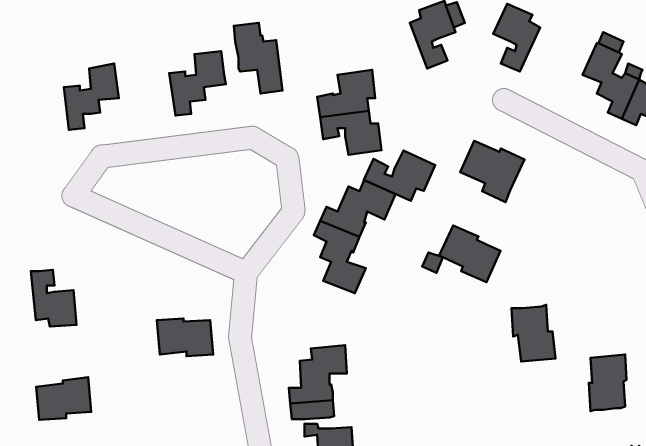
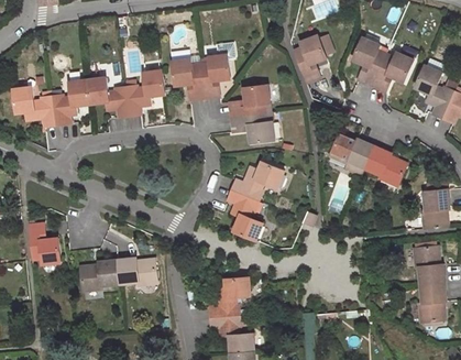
building: none -> [200,43,235,98]
building: none -> [371,52,414,91]
building: none -> [87,77,130,118]
building: none -> [13,87,55,127]
building: [364,150,435,201] -> none
building: none -> [422,189,449,229]
building: [439,226,500,282] -> [364,146,407,186]
building: [512,305,556,362] -> [414,246,444,285]
building: [36,377,91,420] -> [80,259,119,288]

